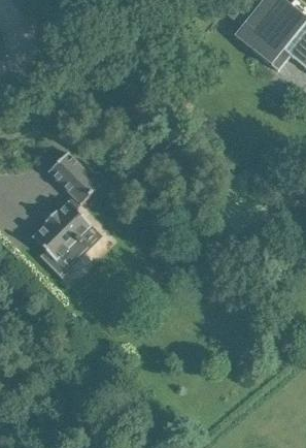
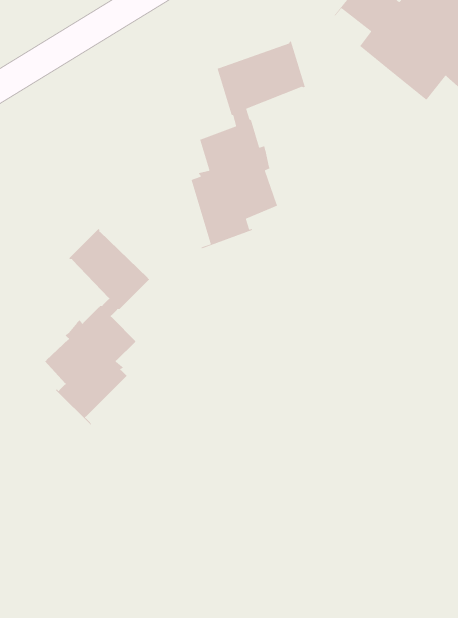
building: none -> [190,40,306,250]

